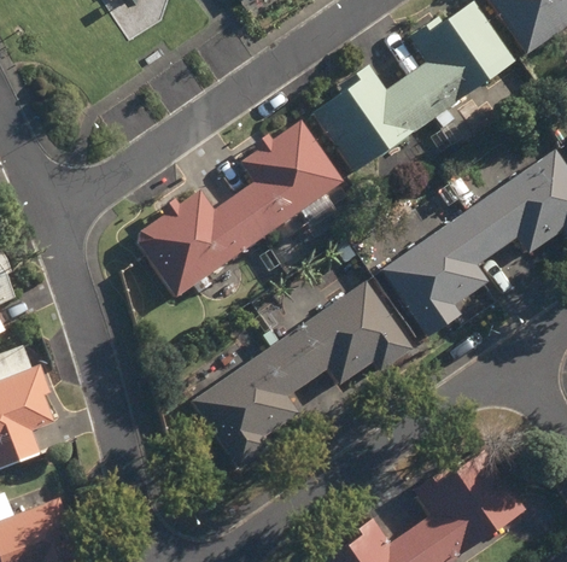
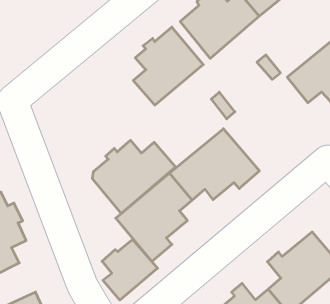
building: [138,189,264,298] -> [92,140,176,214]
building: [381,211,495,336] -> none
building: none -> [102,240,158,300]

